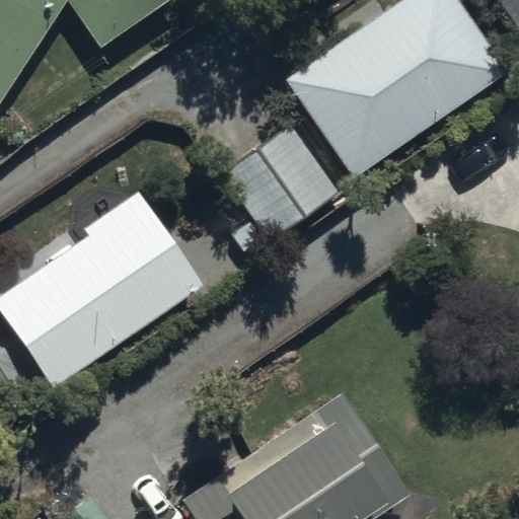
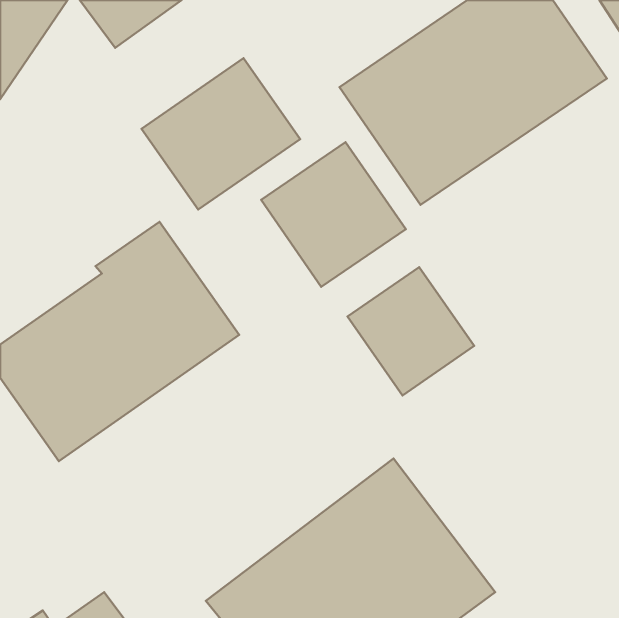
building: none -> [141,58,300,210]
building: none -> [347,267,474,395]

